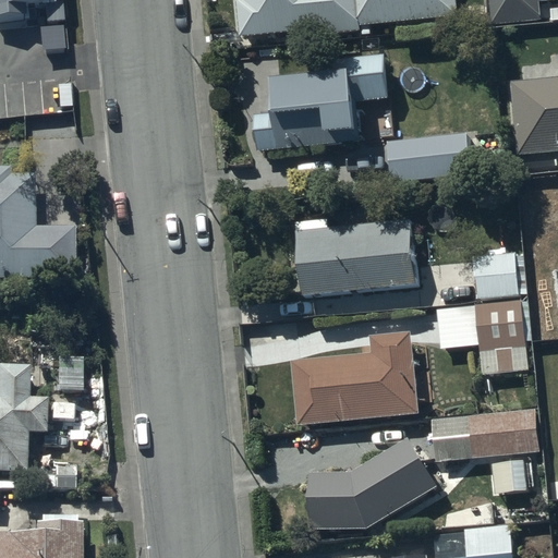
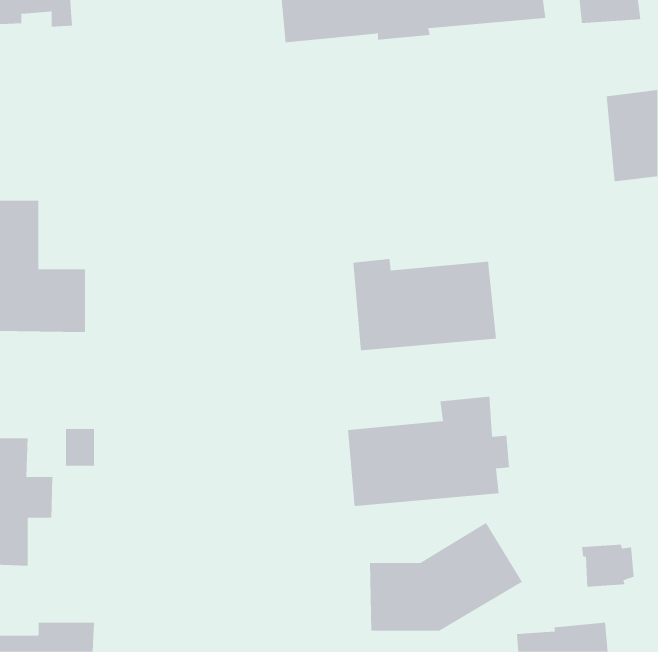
building: [255,54,388,150] -> none
building: [387,133,471,182] -> none
building: [436,252,534,372] -> none
building: [430,409,536,460] -> none

